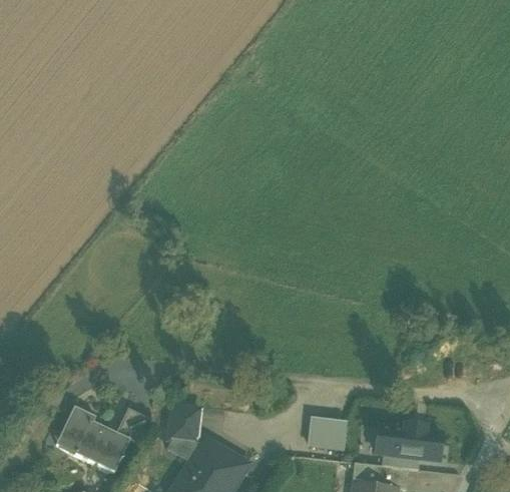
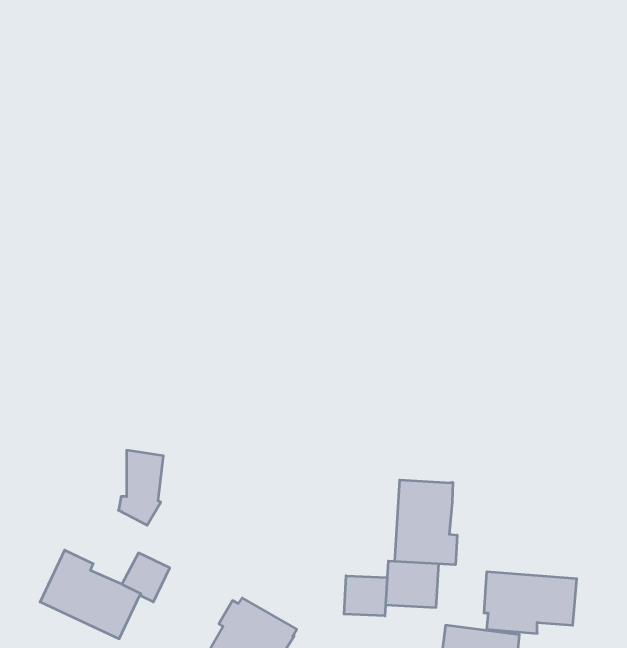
building: none -> [395,480,457,565]
building: [165,407,198,462] -> [118,450,163,525]
building: none -> [344,576,387,616]

